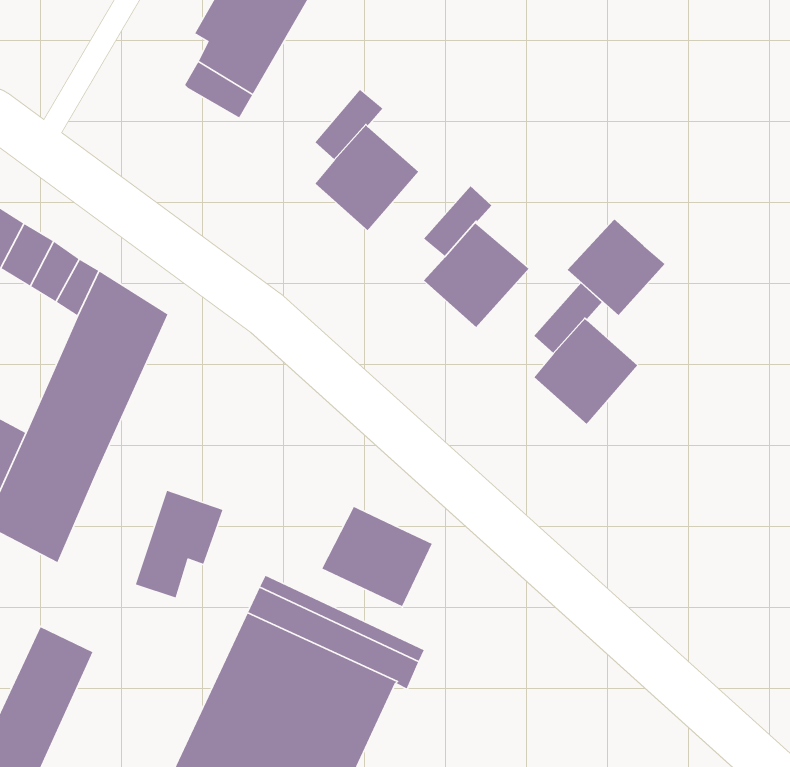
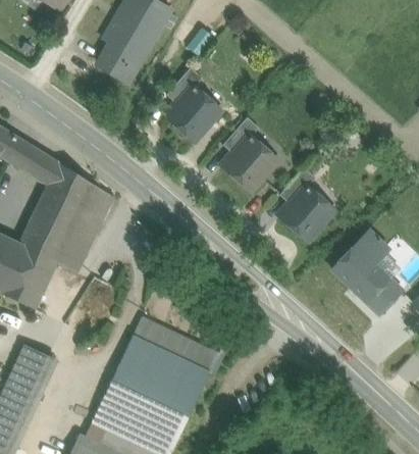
building: [567,218,665,316] -> none
building: none -> [54,184,113,275]
building: none -> [331,231,402,314]
building: [321,505,433,607] -> none

